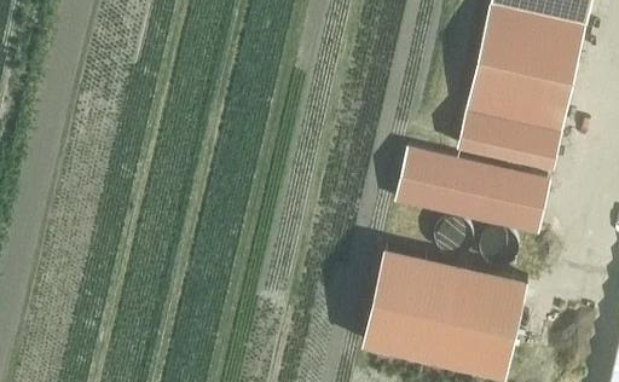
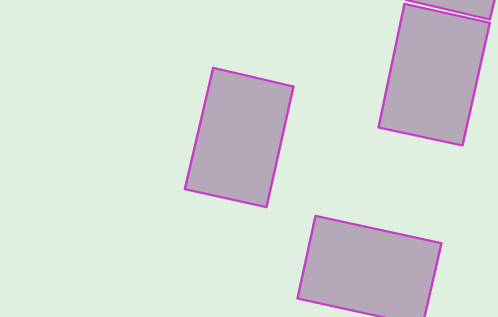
building: none -> [185,68,293,207]
building: [394,147,553,235] -> none

